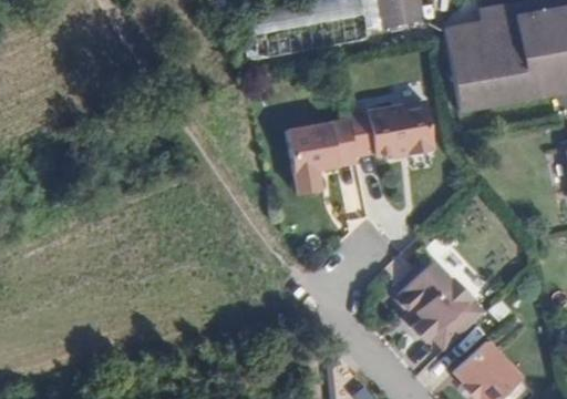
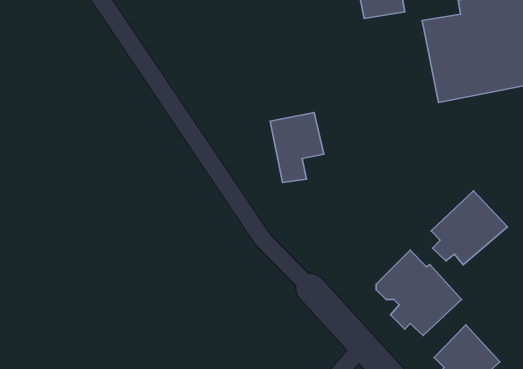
building: [350,101,433,155] -> none
building: none -> [431,191,507,265]

